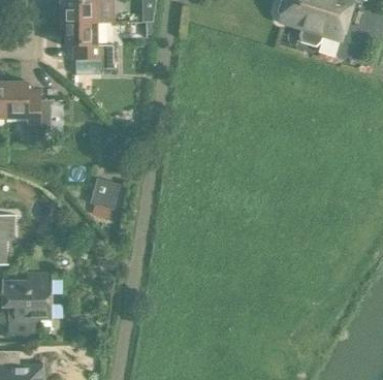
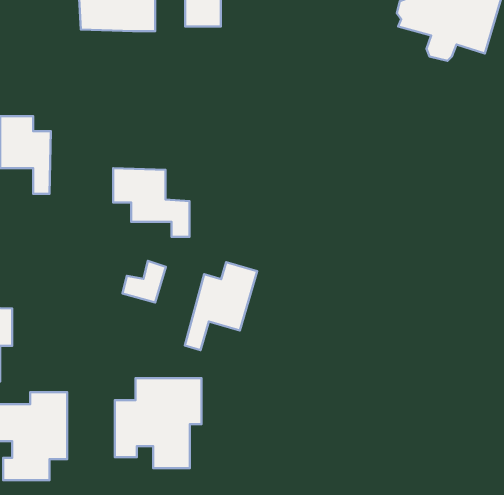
building: [61,21,114,68] -> [113,168,189,237]
building: none -> [185,262,257,350]
building: none -> [115,378,202,468]

